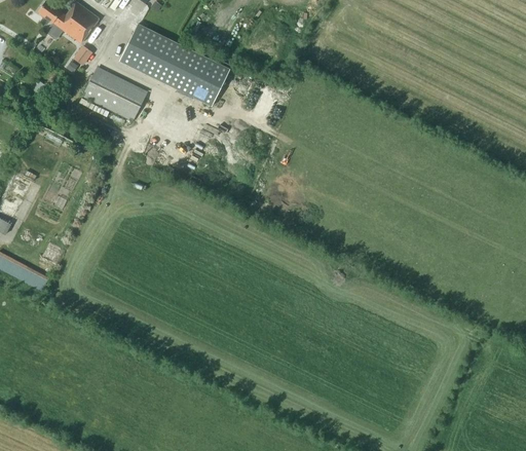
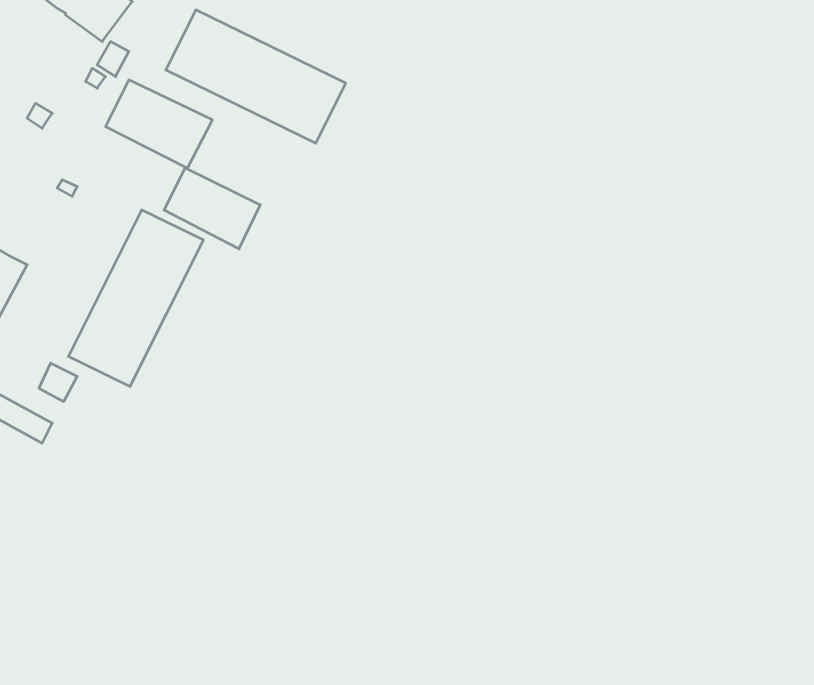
building: none -> [164,168,260,249]
building: none -> [68,210,203,387]

